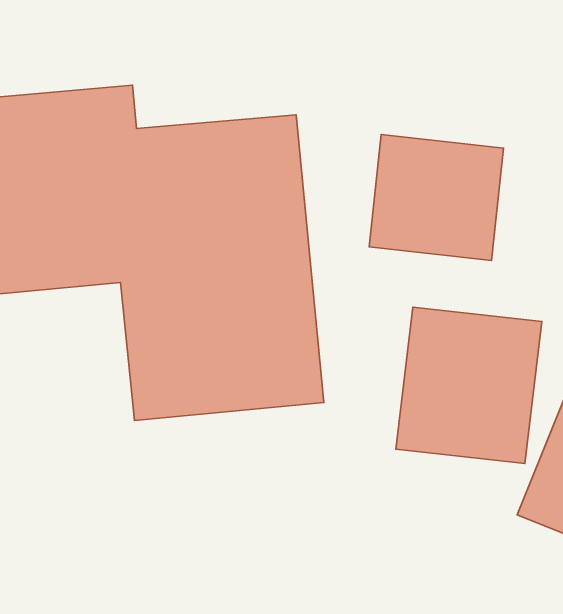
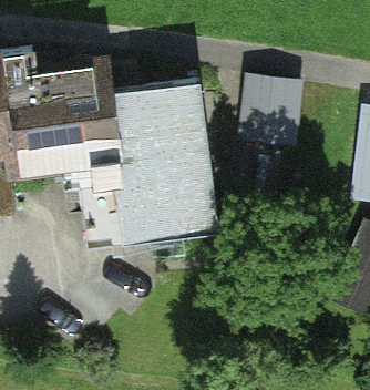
building: [396,307,542,464] -> none

